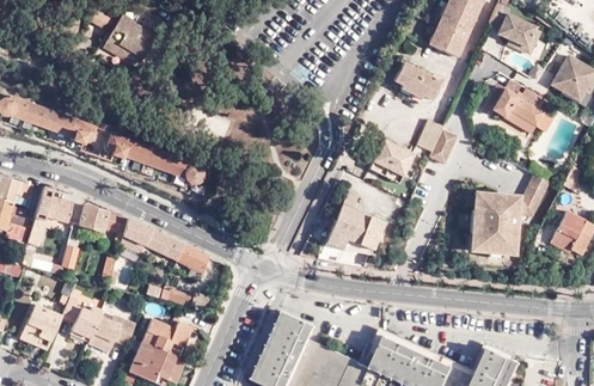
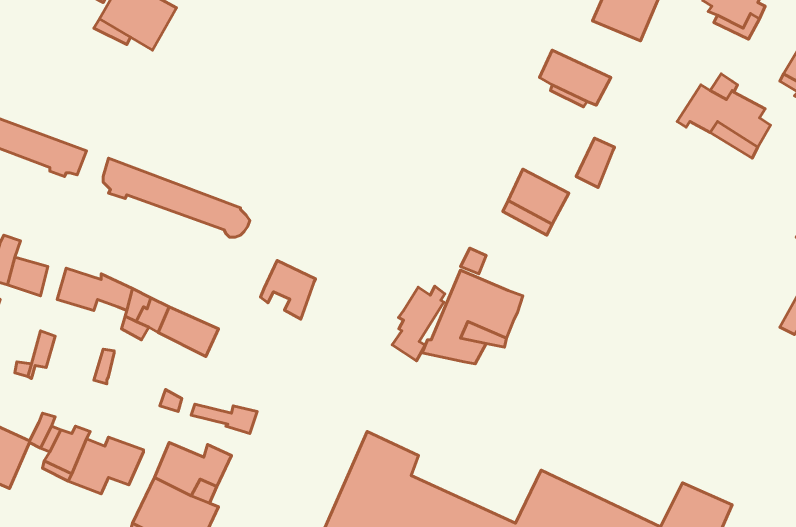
building: [428,128,455,163] -> none
building: [476,174,547,255] -> none
building: none -> [392,286,445,361]
building: [172,244,208,282] -> [261,261,316,319]

